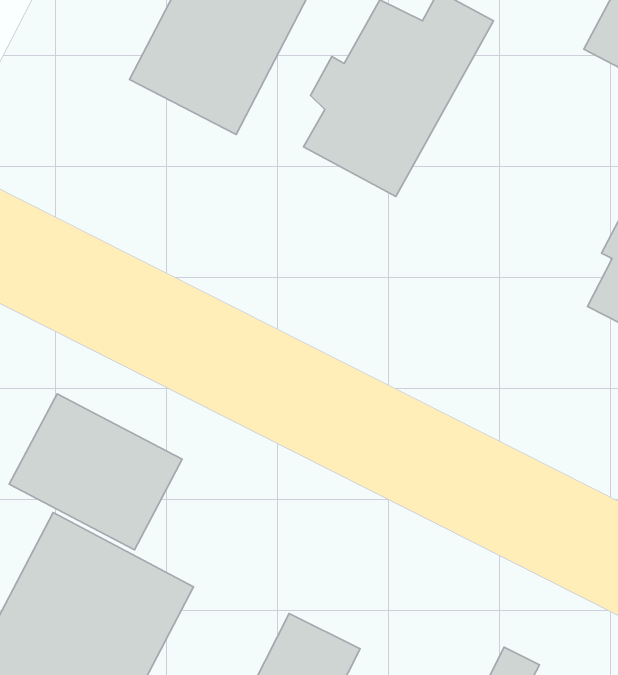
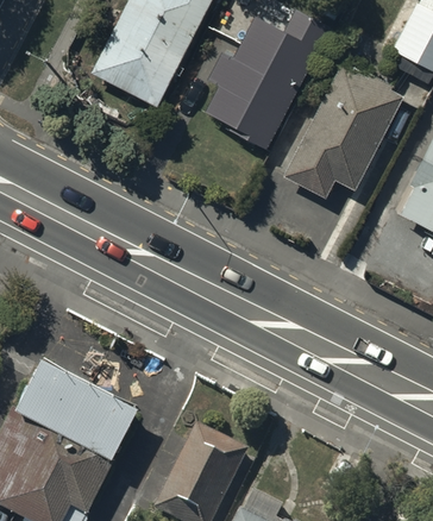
building: none -> [283,62,406,200]
building: [9,394,182,550] -> none

